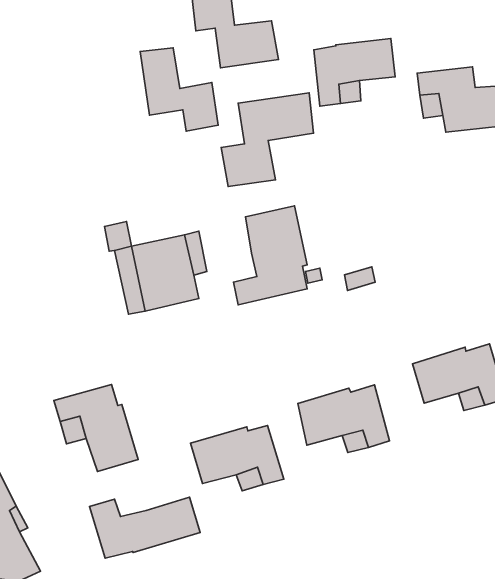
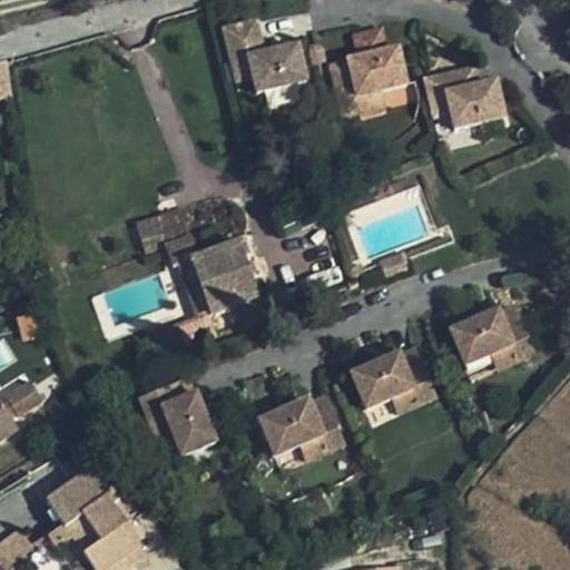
building: [140,48,218,131] -> none
building: [221,93,313,187] -> none
building: [233,206,307,305] -> none
building: [90,497,200,558] -> none

